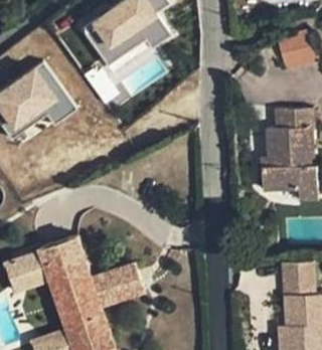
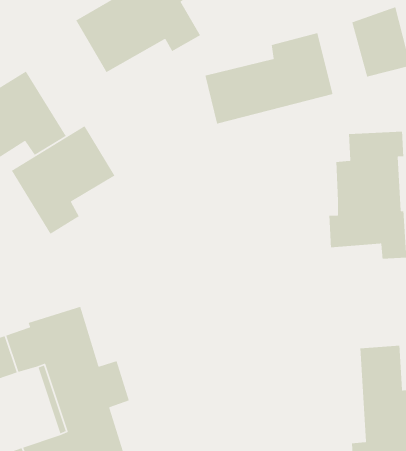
building: none -> [204,32,333,124]
building: none -> [11,125,116,235]
building: [109,262,150,302] -> none

